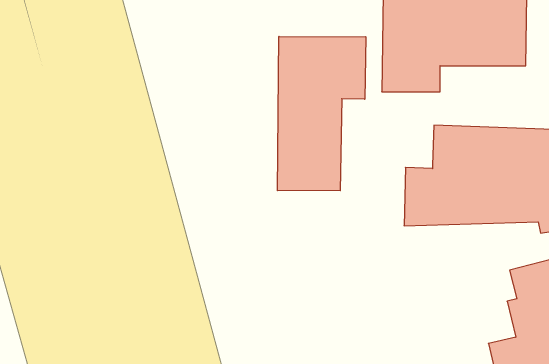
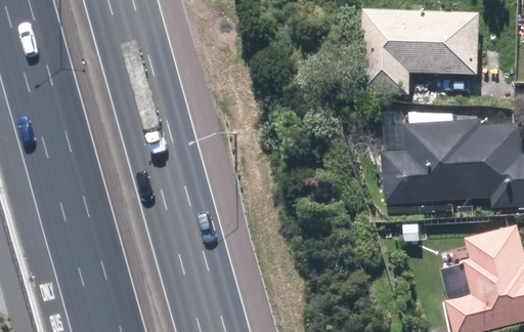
building: [278,36,366,191] -> none

